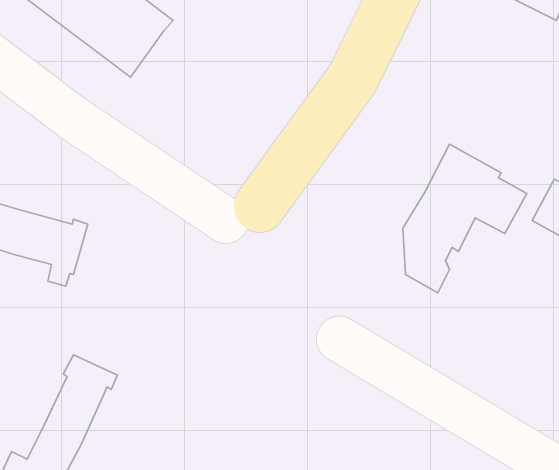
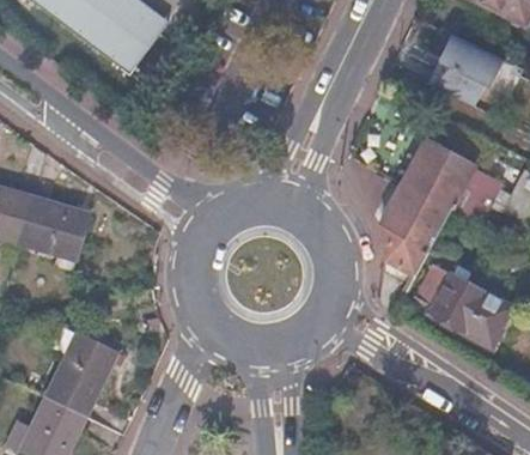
building: none -> [427,31,504,104]
building: none -> [415,261,510,341]

